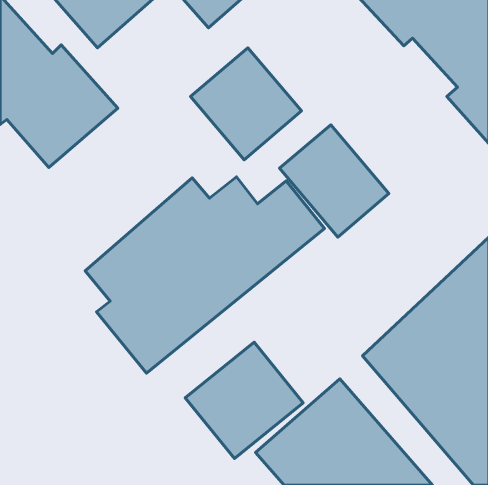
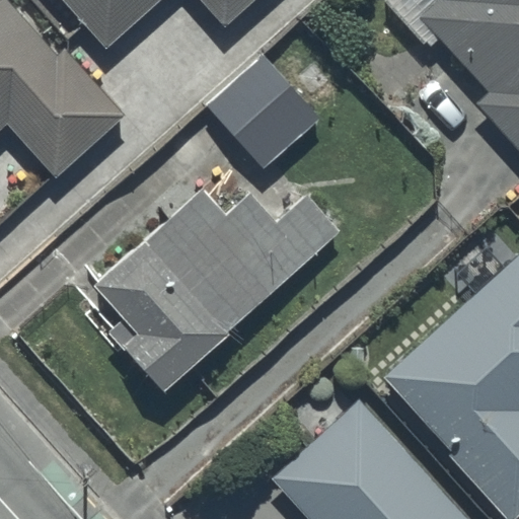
building: [279,125,389,237] -> none
building: [185,342,303,458] -> none

